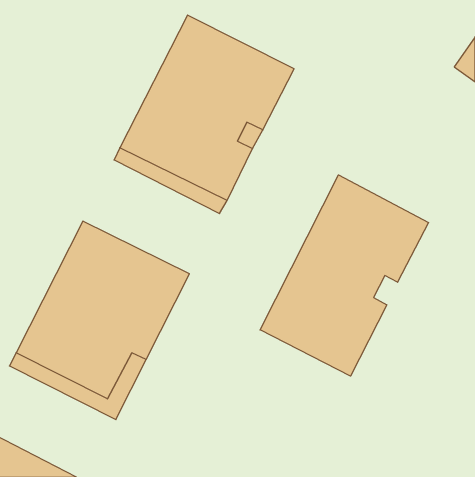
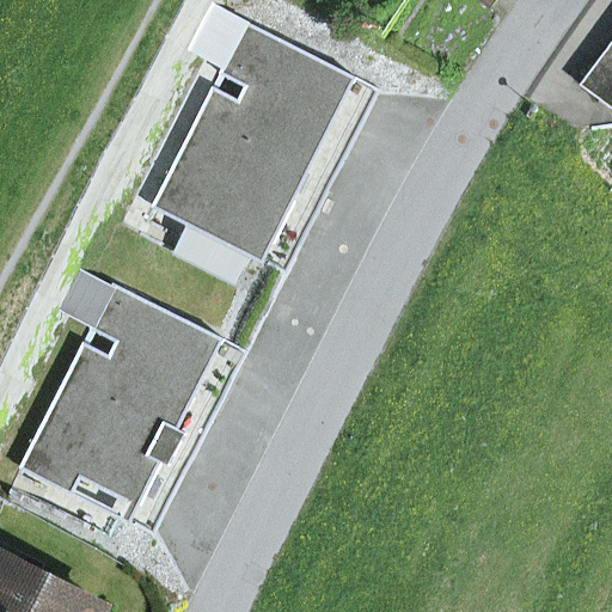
building: [260,175,429,376] -> none

